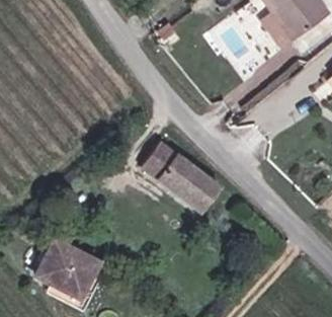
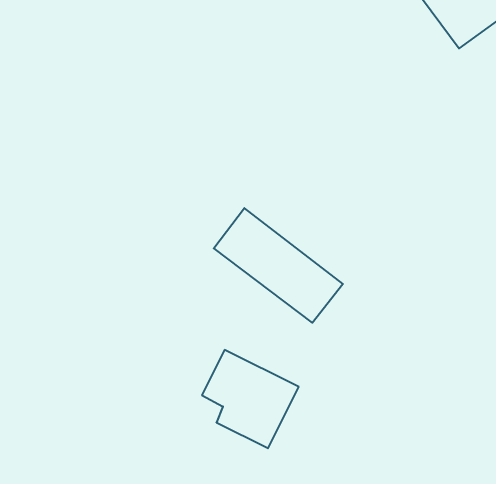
building: [39,245,100,307] -> [202,350,299,448]

